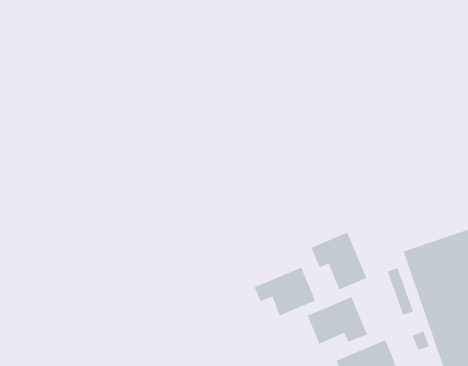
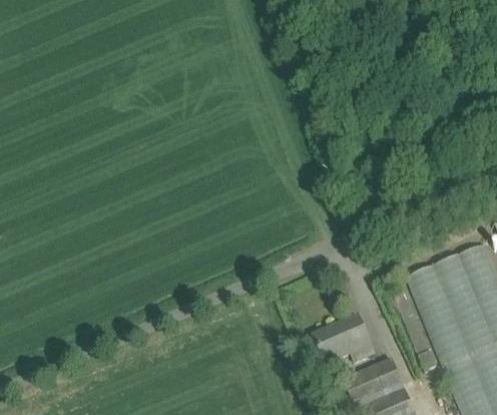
building: [311,232,367,290] -> none
building: [254,267,316,316] -> none

